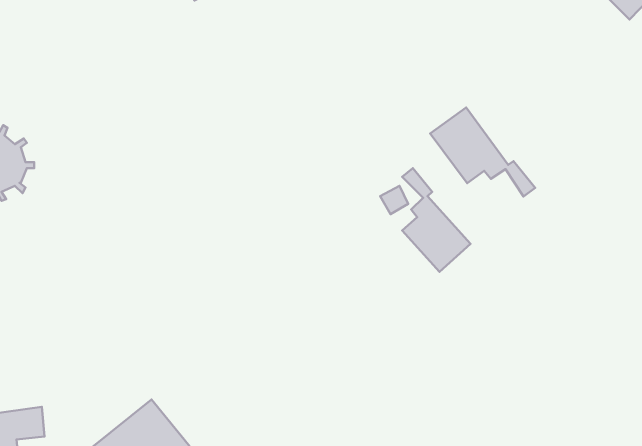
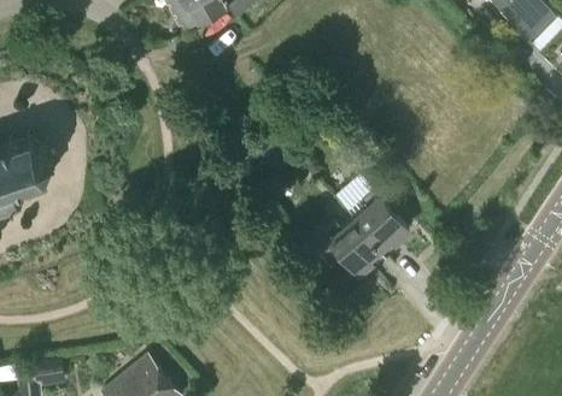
building: [430,107,535,196] -> none
building: none -> [322,218,384,273]

